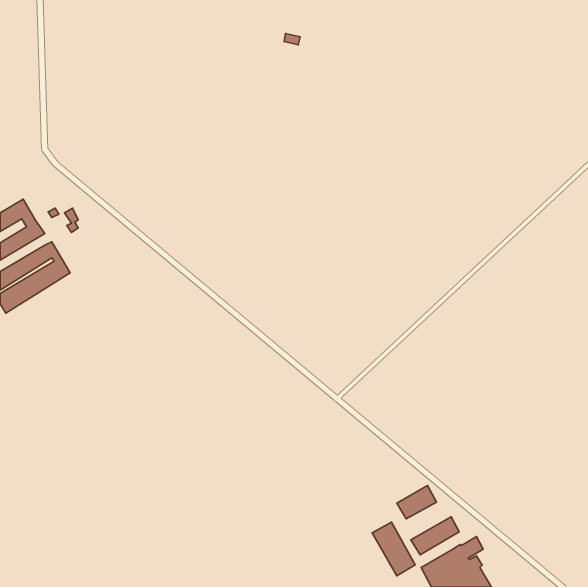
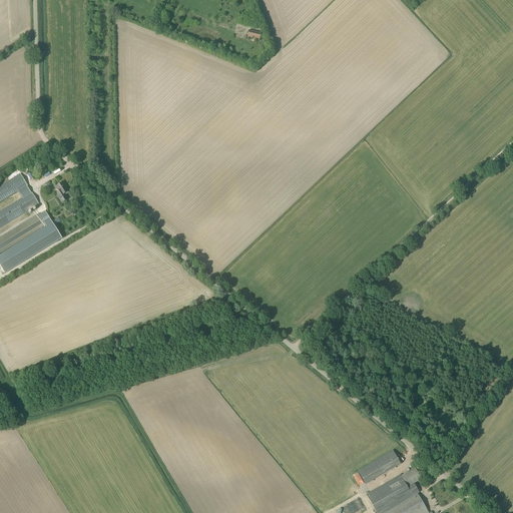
building: [397,485,437,519] -> none
building: [372,522,415,576] -> none

